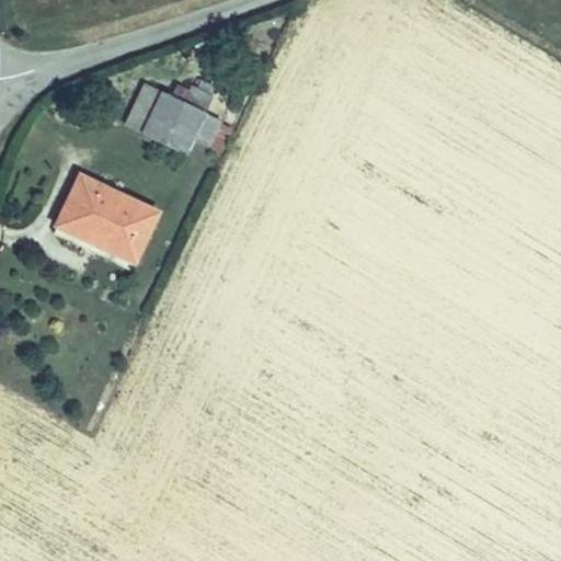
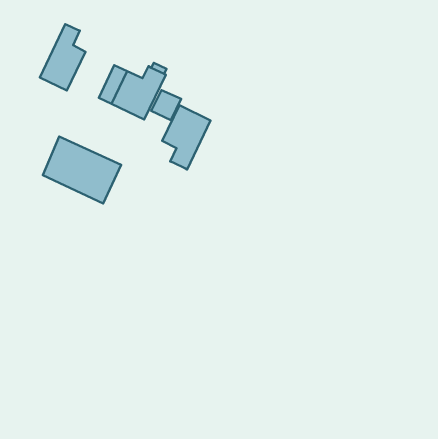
building: none -> [40,24,86,91]
building: none -> [162,105,211,169]

